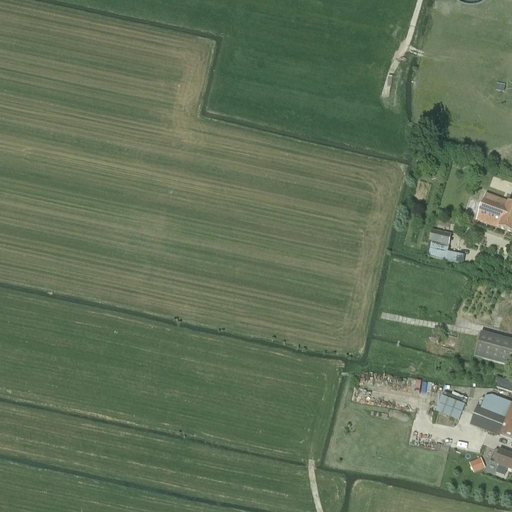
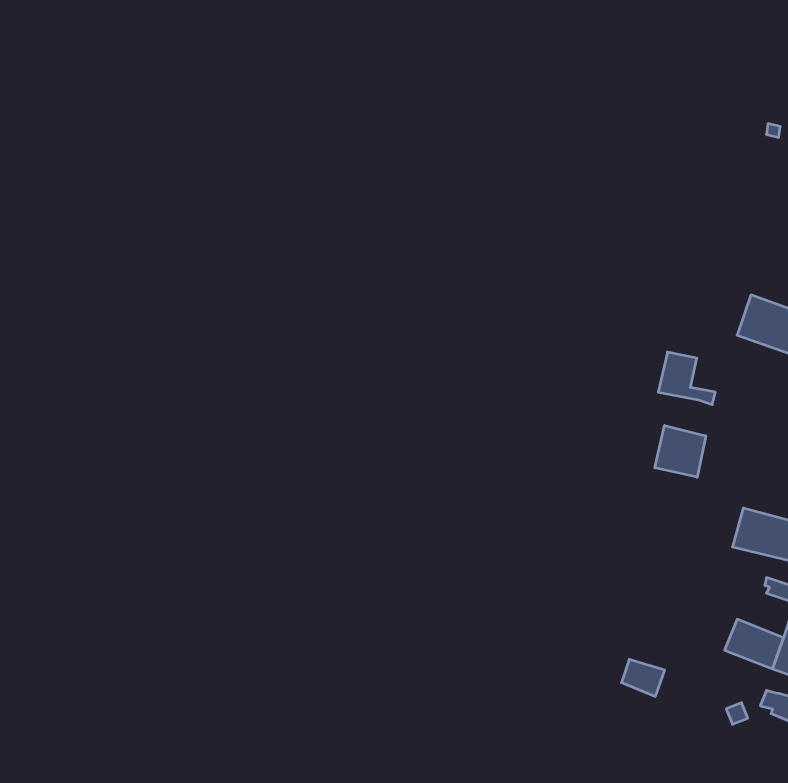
building: none -> [655,425,706,477]
building: [438,395,466,419] -> [621,659,665,696]

